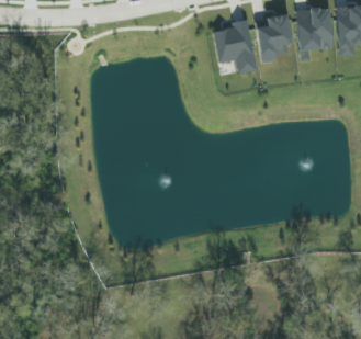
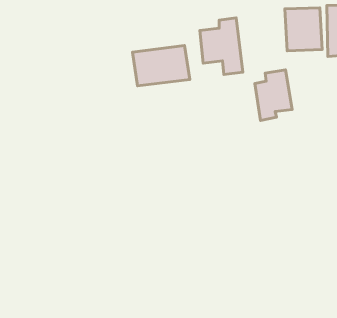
building: [256,13,292,63] -> [255,70,292,121]
building: none -> [132,46,190,86]

